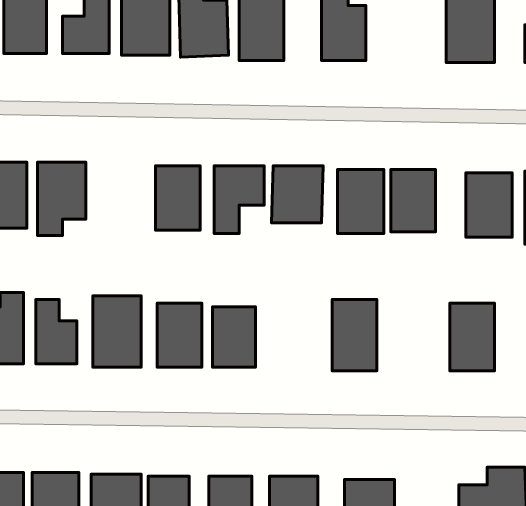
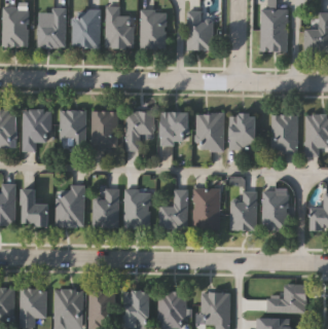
building: none -> [61,110,86,148]
building: none -> [158,189,188,228]
building: none -> [230,190,256,229]

